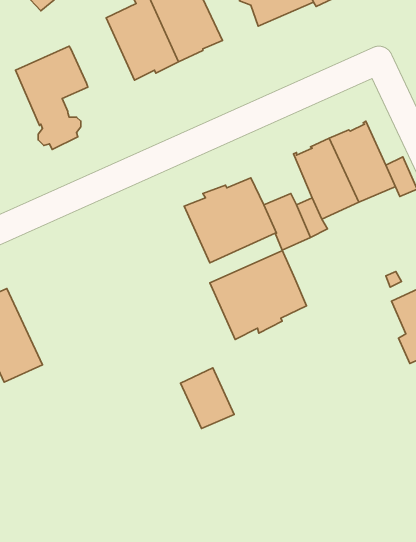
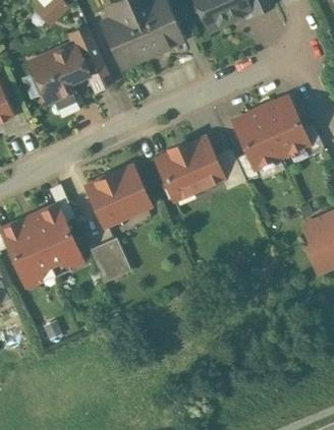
building: none -> [73,38,103,70]
building: none -> [89,168,146,225]
building: [210,250,307,339] -> none
building: none -> [27,205,80,272]
building: [180,368,234,429] -> [89,238,127,282]

